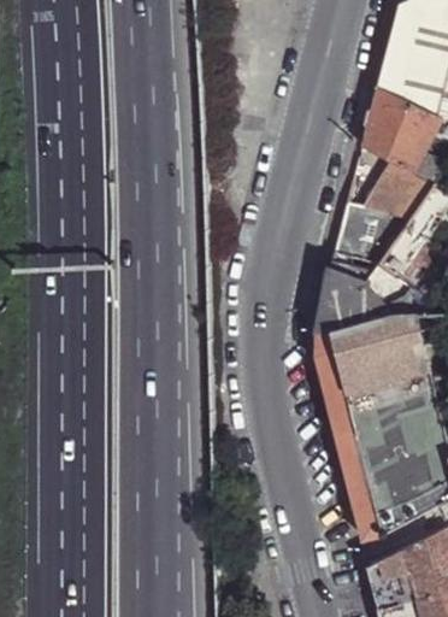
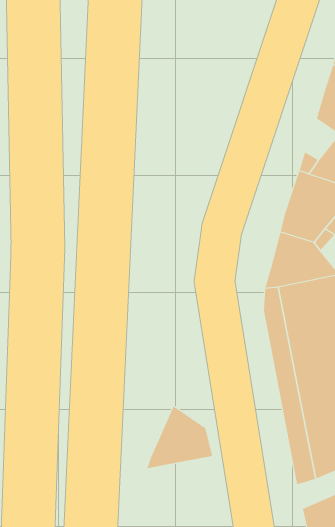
building: none -> [147,406,213,469]

